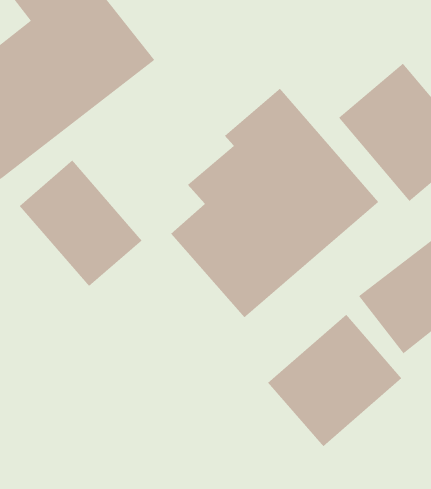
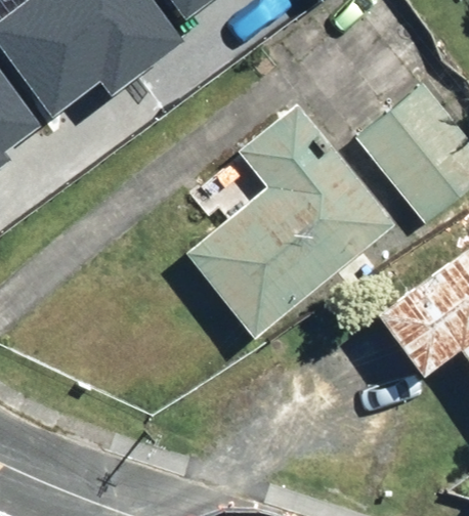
building: [19,160,143,287] -> none
building: [267,314,402,447] -> none

